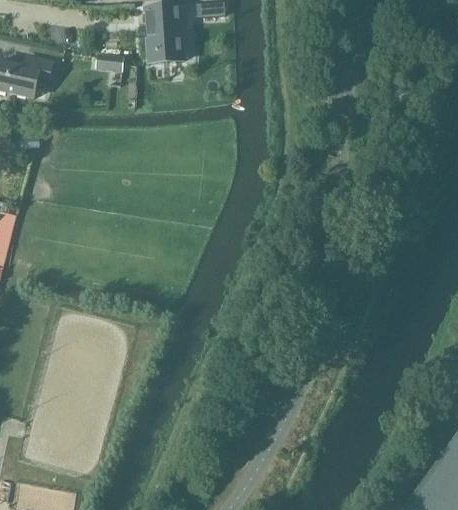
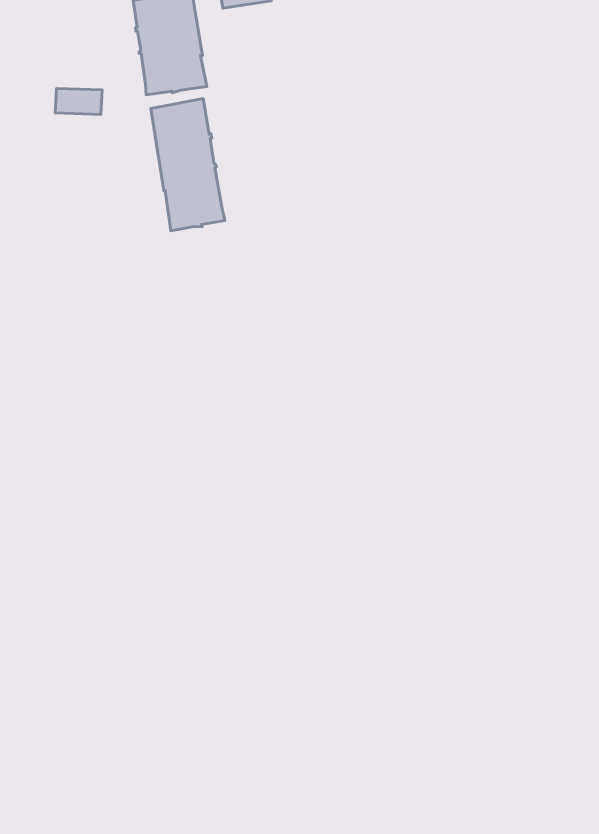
building: none -> [151,99,225,231]

